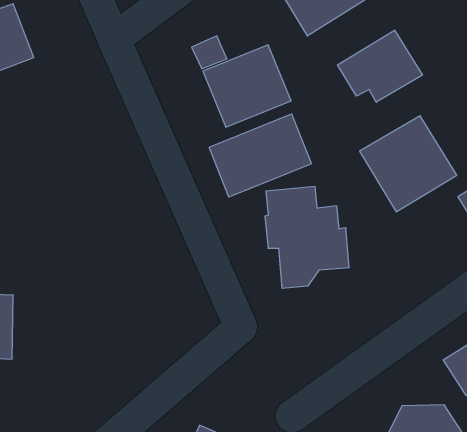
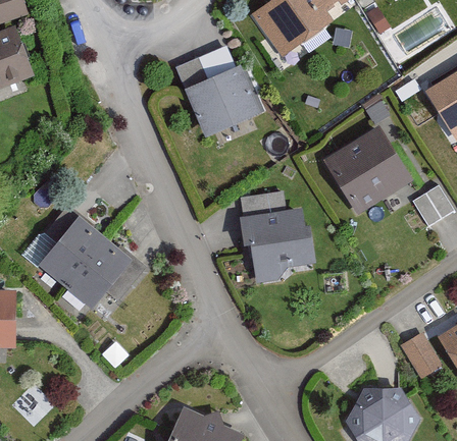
building: [338,30,423,102] -> none
building: [209,114,311,197] -> none
building: none -> [38,214,143,307]

